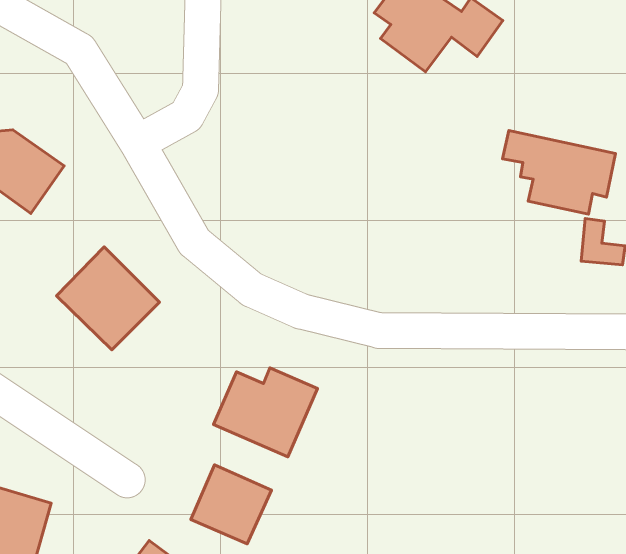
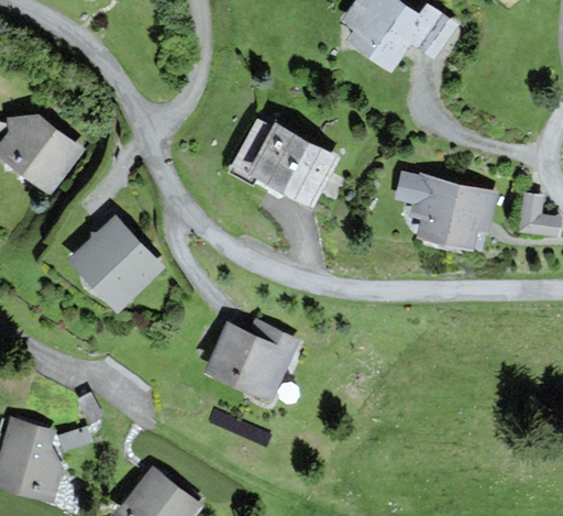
building: [502,130,616,214] -> [397,173,494,244]
building: none -> [233,122,335,204]
building: [191,465,271,544] -> none

